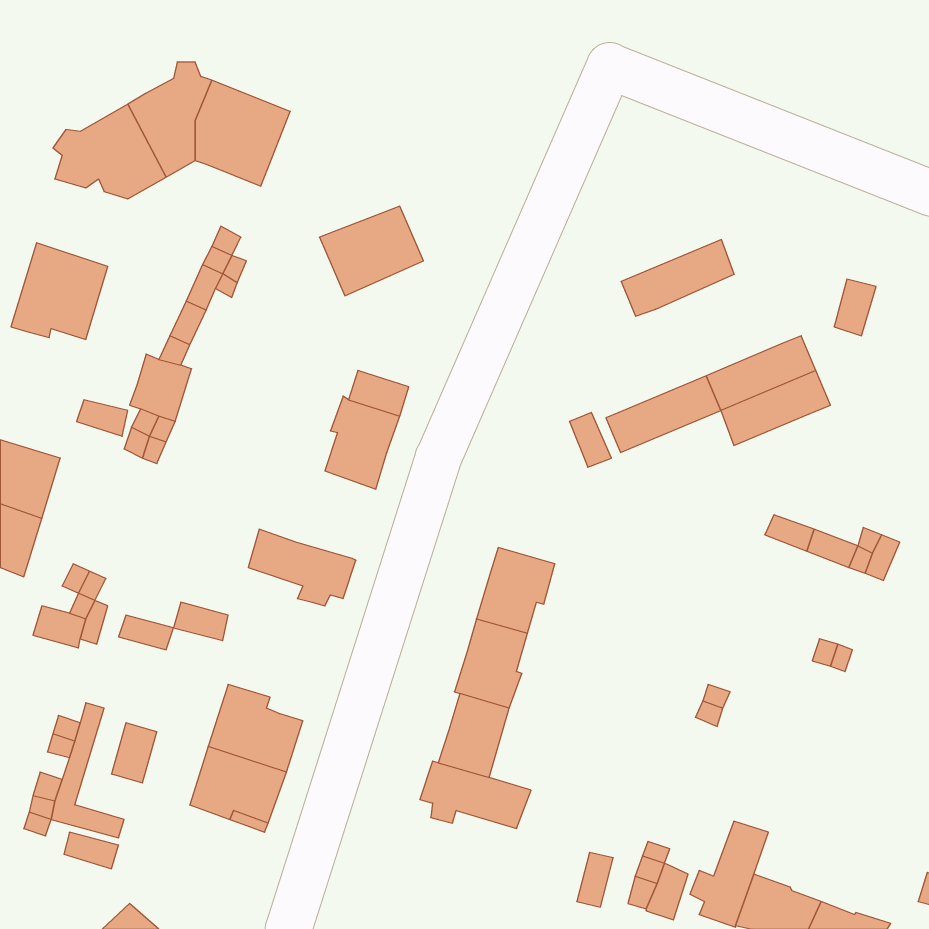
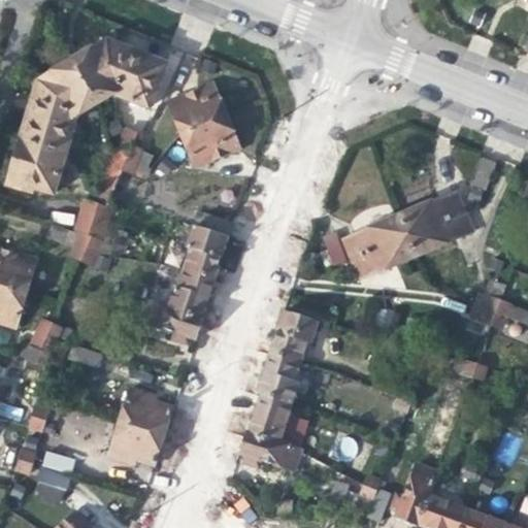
building: none -> [170,82,228,134]
building: none -> [23,101,74,151]
building: [621,240,734,316] -> [353,232,417,275]
building: none -> [169,266,214,316]

